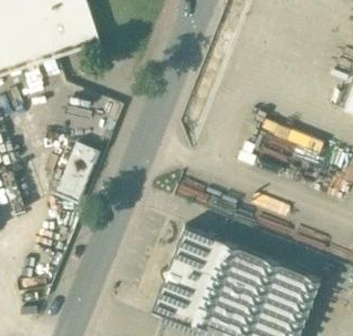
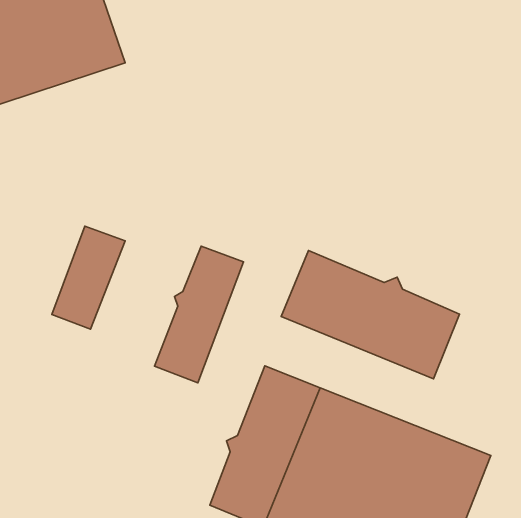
building: none -> [155,246,243,383]
building: none -> [281,251,460,379]

